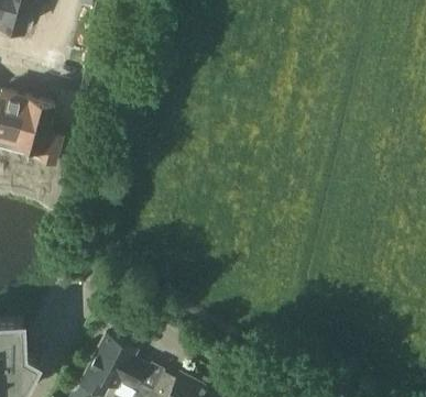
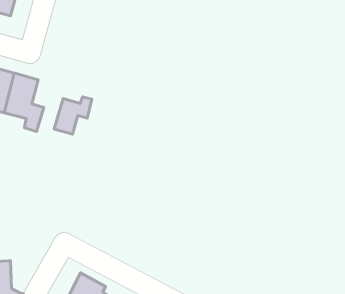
building: none -> [54,97,92,134]

